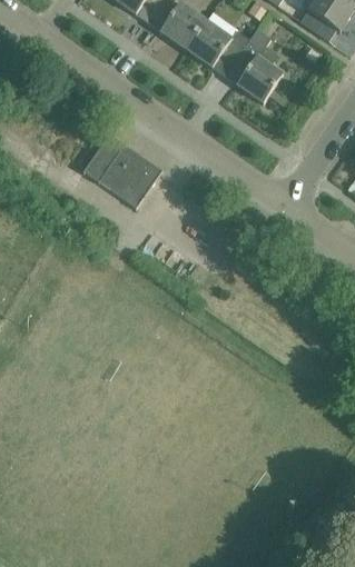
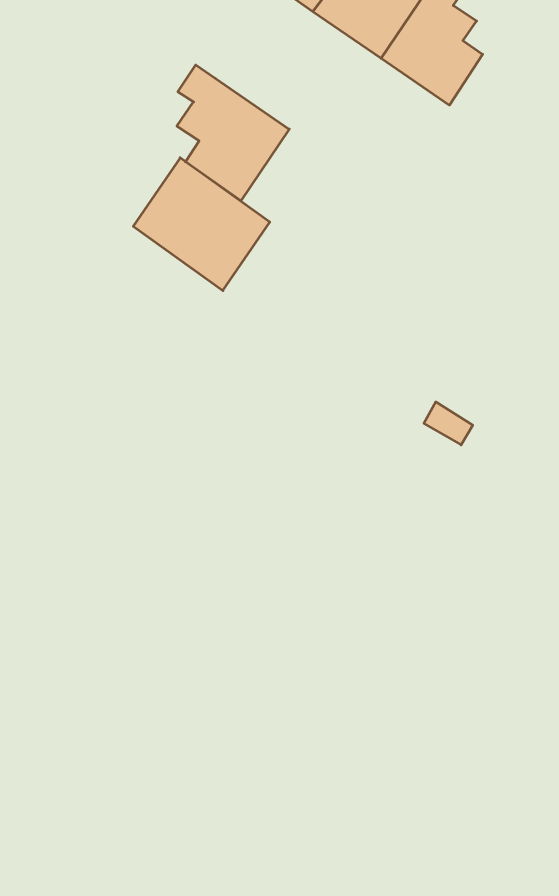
building: none -> [177,65,289,201]

